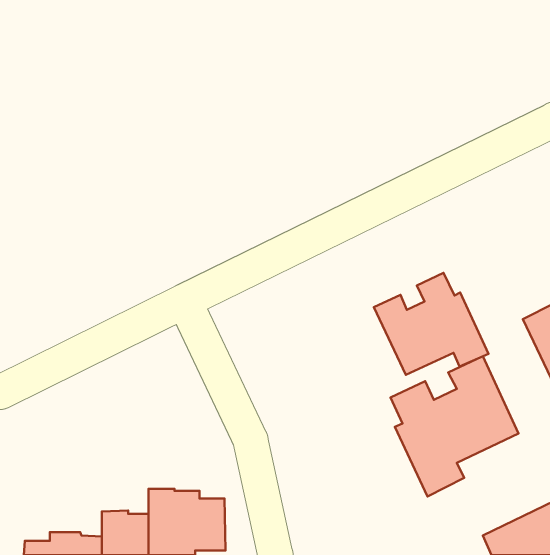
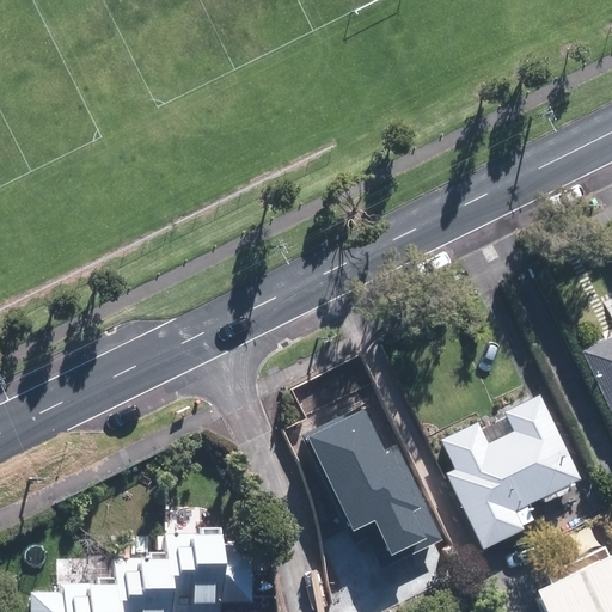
building: [374,273,489,375] -> none
building: none -> [316,410,445,562]

